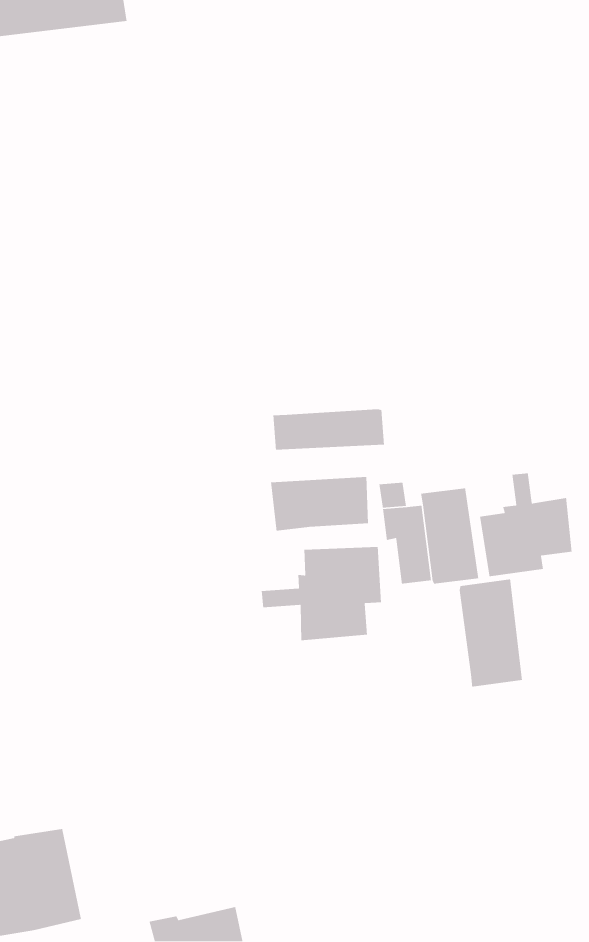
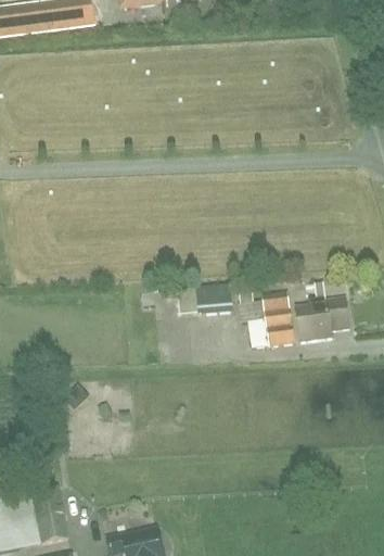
building: [273,409,385,451] -> none
building: [261,546,382,641] -> none
building: [459,578,523,687] -> none

